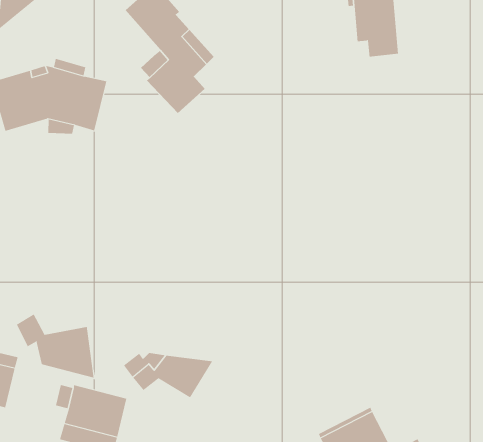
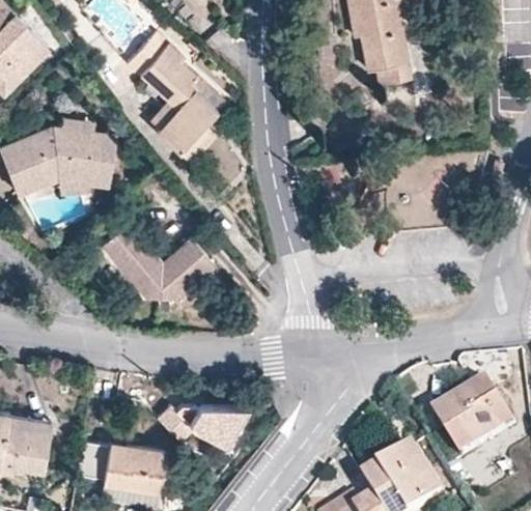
building: none -> [101,222,215,300]
building: [16,314,94,379] -> none
building: none -> [436,380,516,457]

